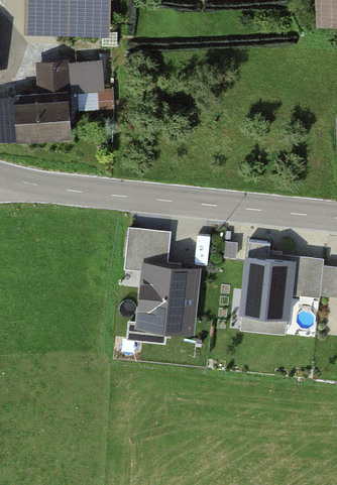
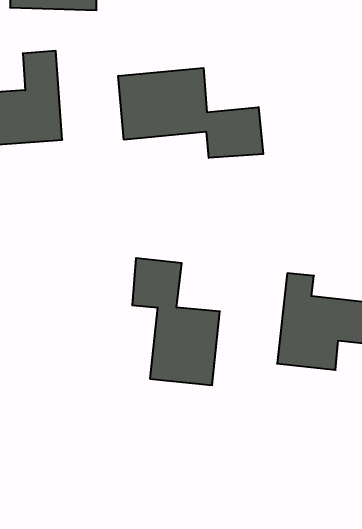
building: [70,62,106,95] -> none
building: none -> [118,68,263,158]

